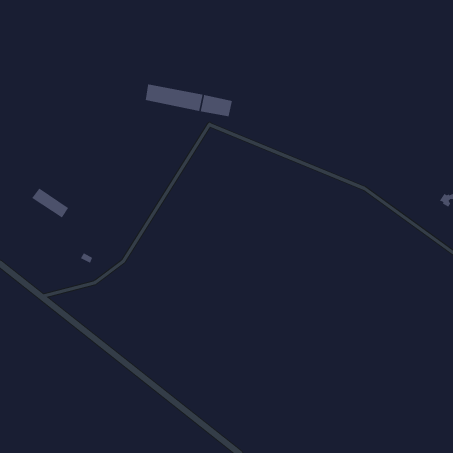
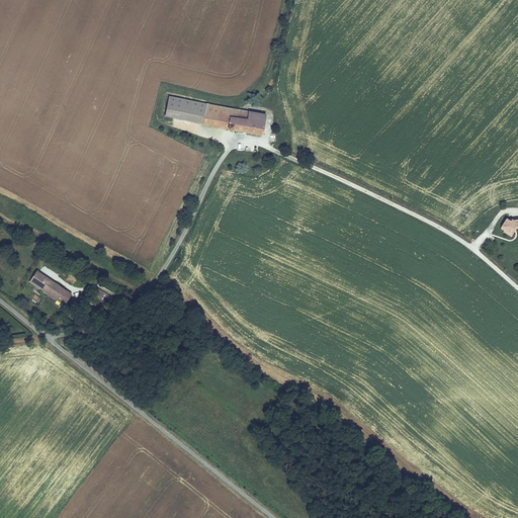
building: [31,187,69,219] -> [28,270,72,306]

